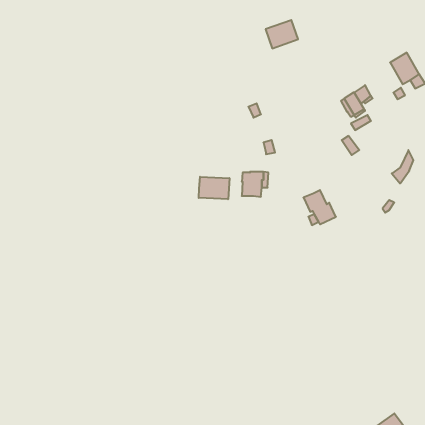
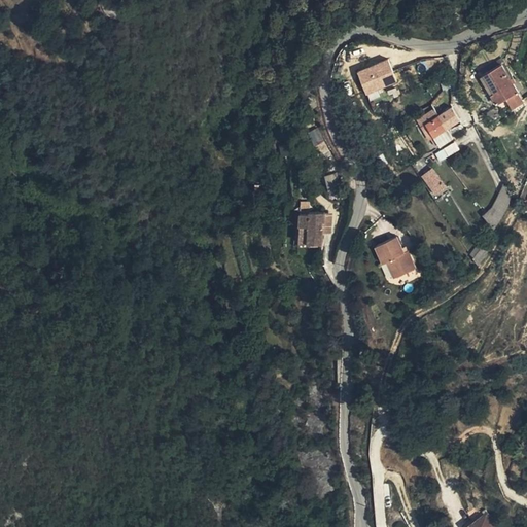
building: [266,20,298,48] -> [355,61,395,96]
building: [199,177,229,199] -> none

